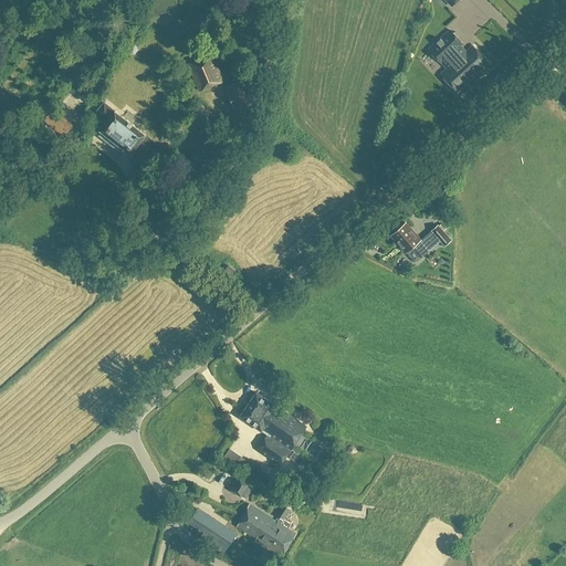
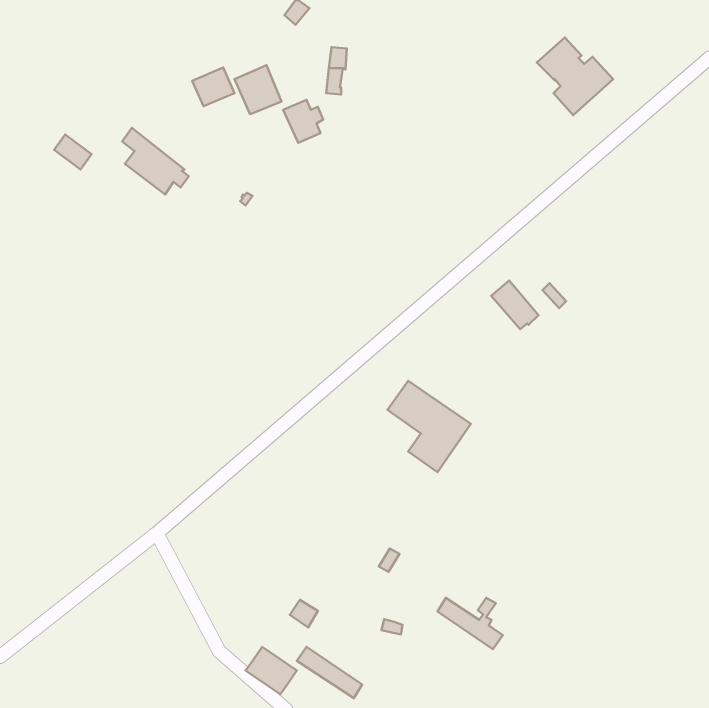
building: none -> [192,68,234,106]
building: [240,394,306,467] -> [387,381,471,472]
building: [244,505,296,546] -> [437,598,503,649]

